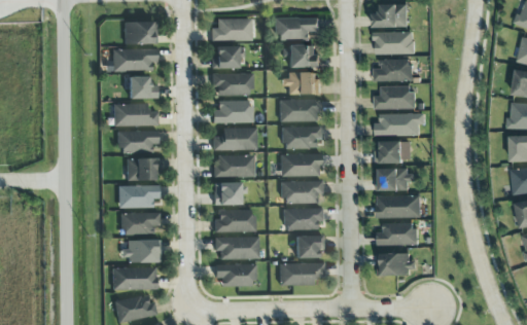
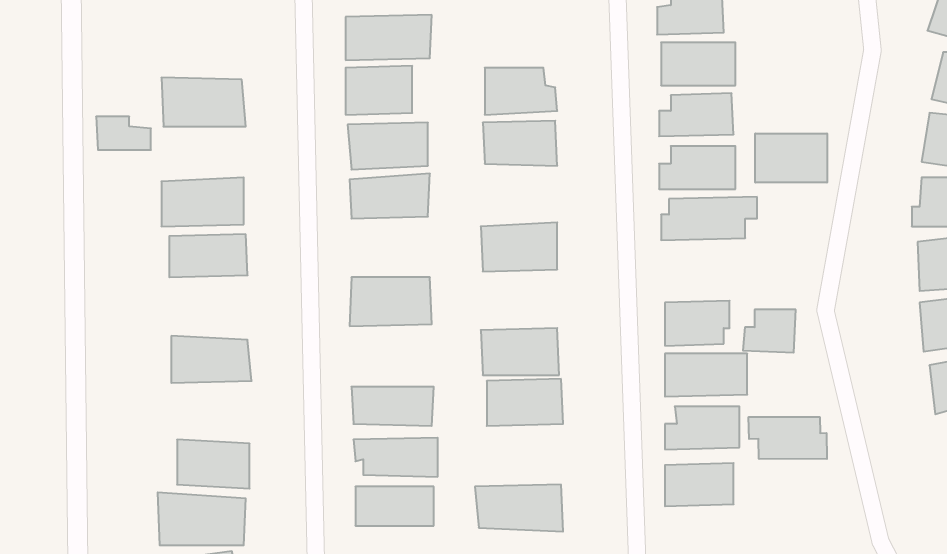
building: [274,17,320,41] -> none
building: [122,21,156,45] -> none
building: none -> [755,133,827,183]
building: [129,80,157,98] -> [96,117,151,150]
building: [280,101,322,123] -> none
building: [213,128,256,150] -> none
building: [376,140,403,162] -> [743,310,796,353]
building: [280,154,321,179] -> none
building: [126,159,160,182] -> none
building: [211,184,242,208] -> none
building: [120,213,161,237] -> none
building: none -> [749,417,827,459]
building: [296,236,326,260] -> none

